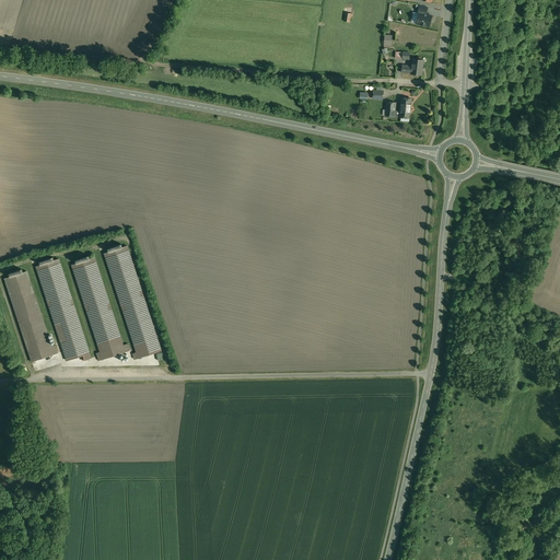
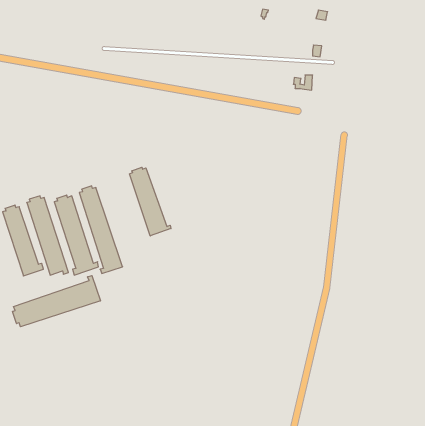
building: none -> [129,167,171,236]
building: none -> [13,276,100,327]

